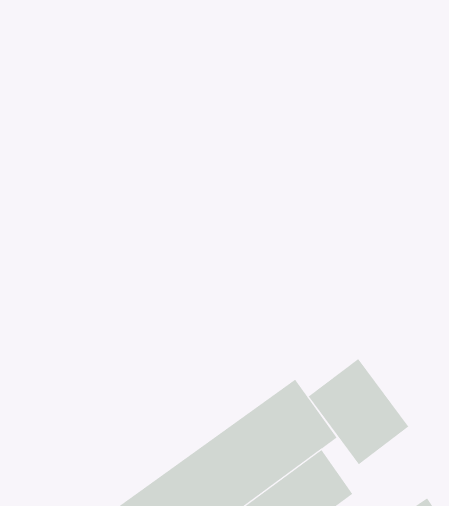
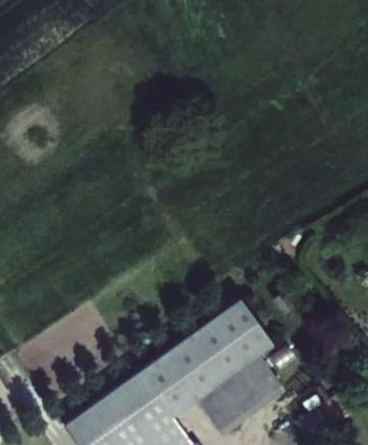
building: [308,358,409,465] -> none

